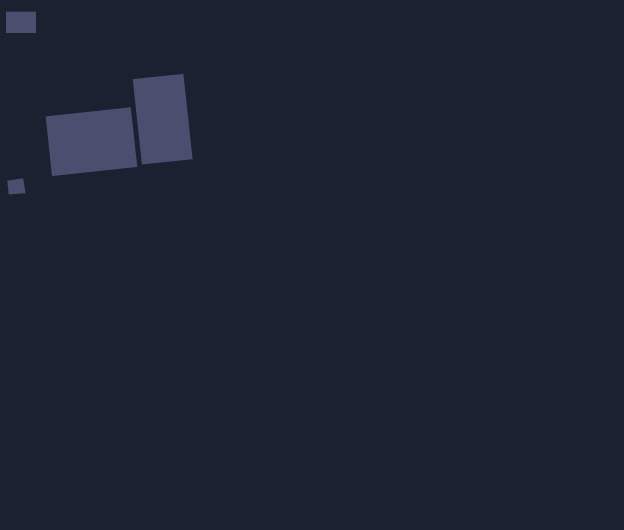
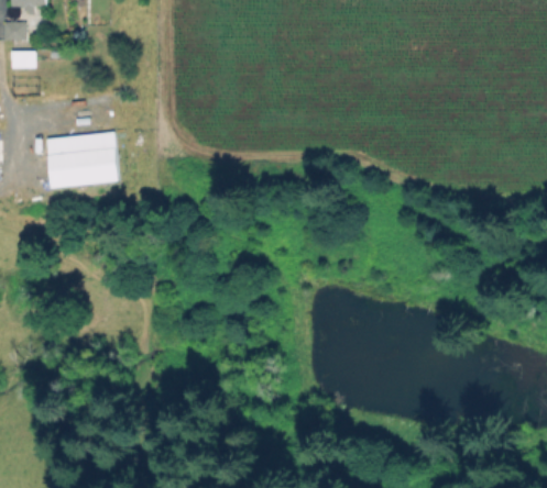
building: [132,73,193,165] -> none

